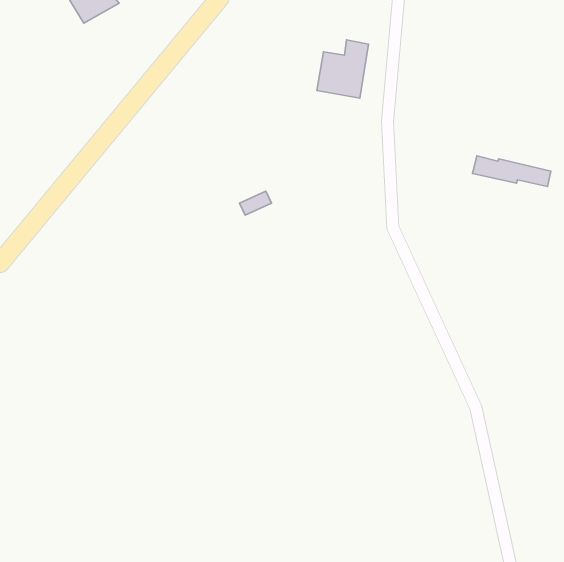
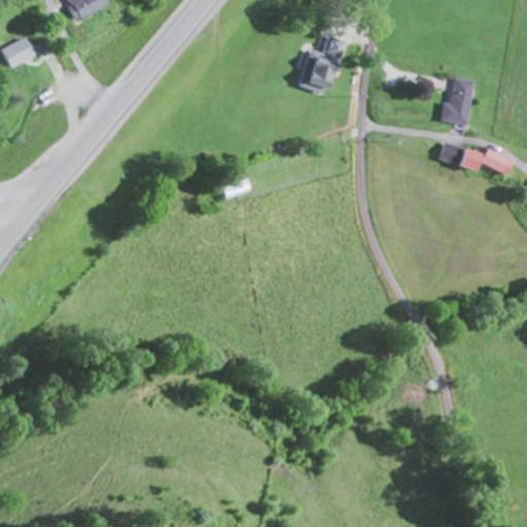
building: none -> [9,40,35,65]
building: none -> [442,78,473,125]

